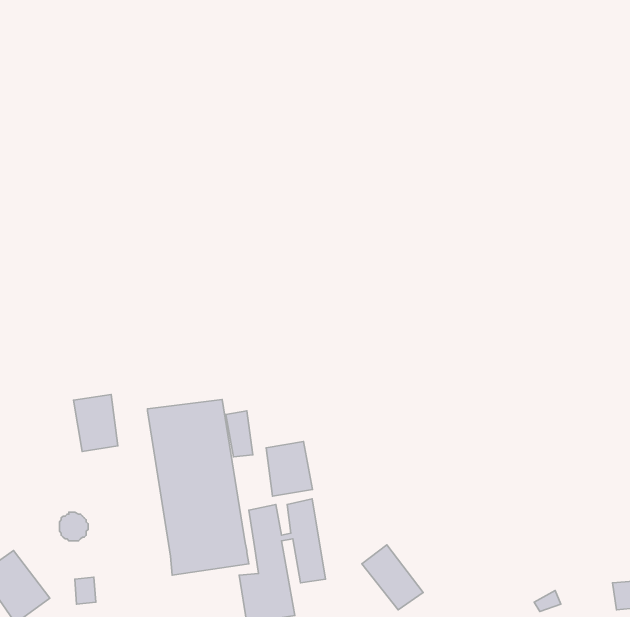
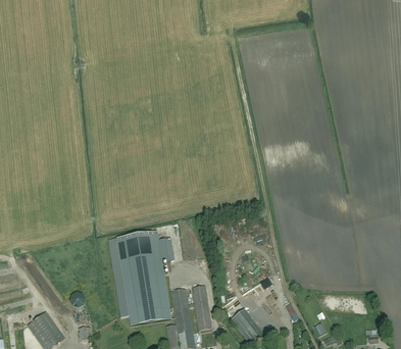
building: [73,395,118,452] -> none
building: [266,442,312,496] -> none

